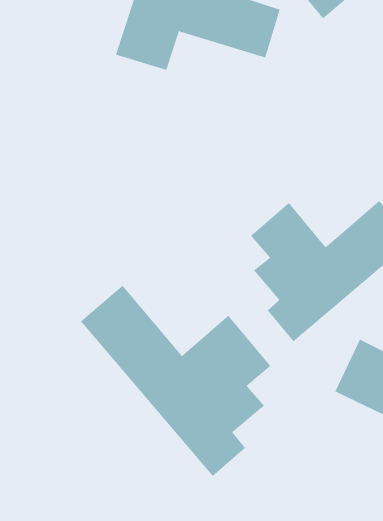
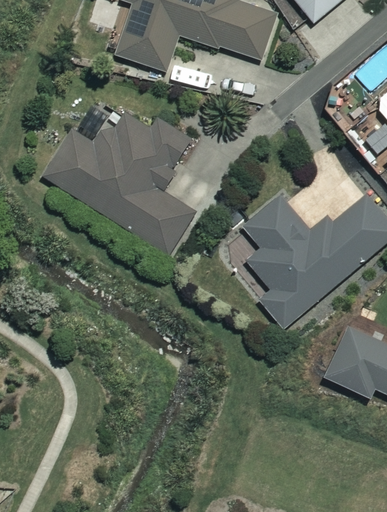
building: none -> [44,106,195,253]
building: [80,285,271,477] -> none

